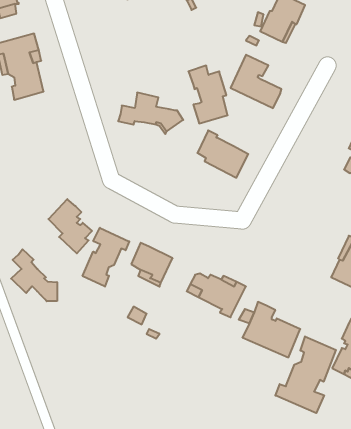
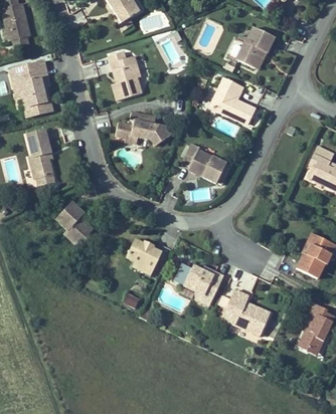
building: [188,66,228,123] -> [108,50,141,99]
building: none -> [26,129,52,178]
building: [83,228,129,287] -> none
building: [11,249,57,301] -> none
building: [275,336,336,413] -> none

